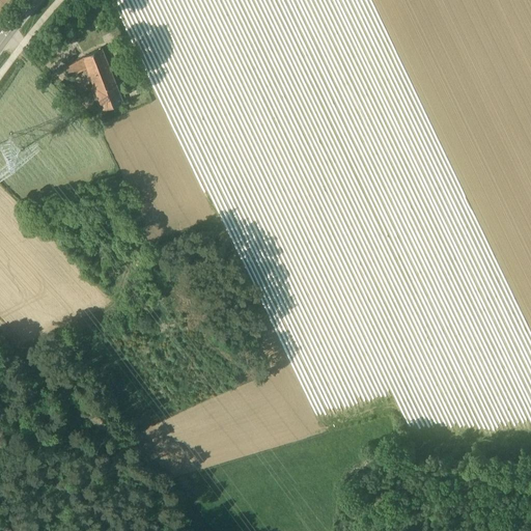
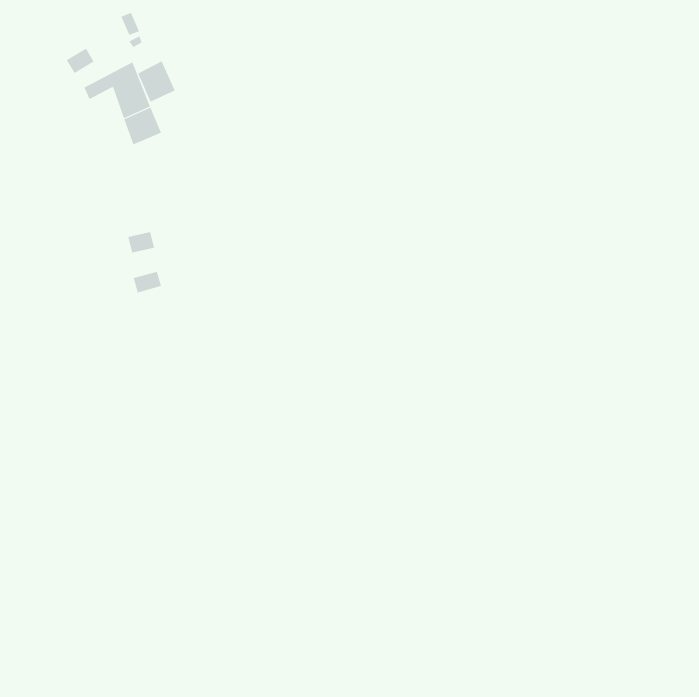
building: none -> [138,61,176,103]

